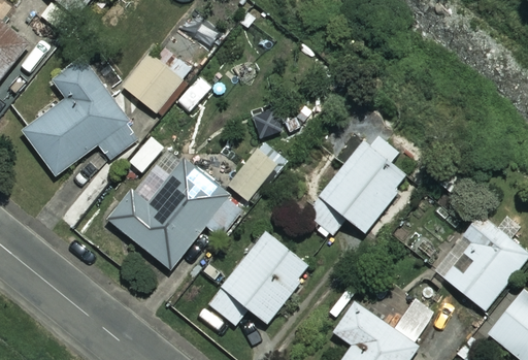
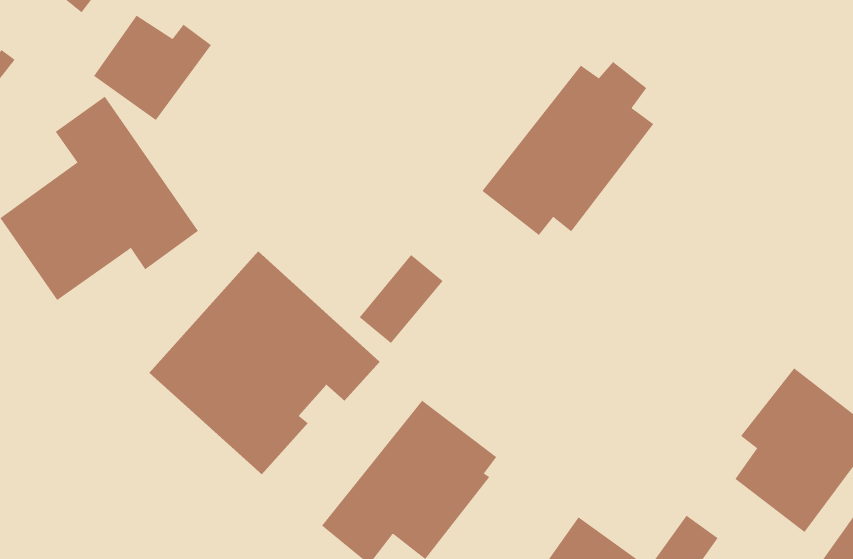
building: [123,51,191,111] -> [93,15,212,121]
building: [306,139,405,239] -> [482,61,654,236]

